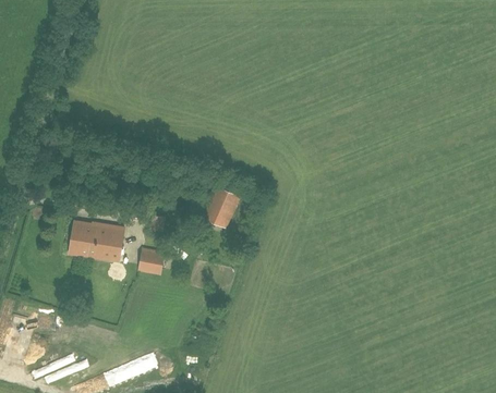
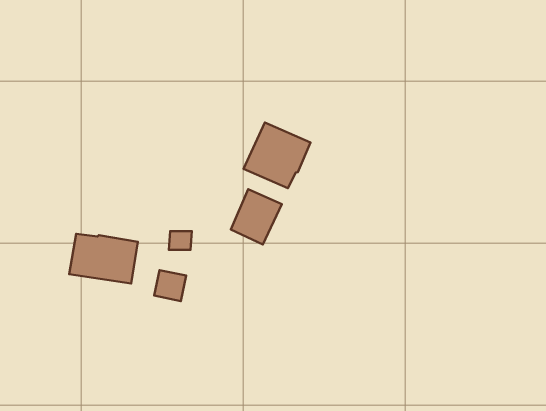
building: none -> [244,122,310,188]

